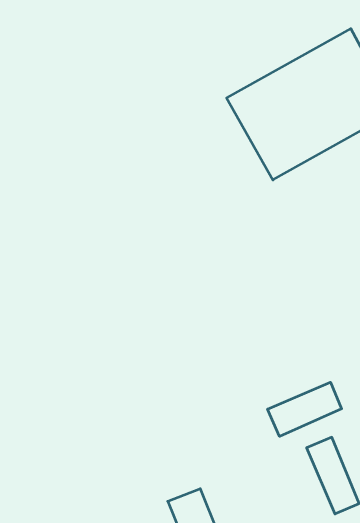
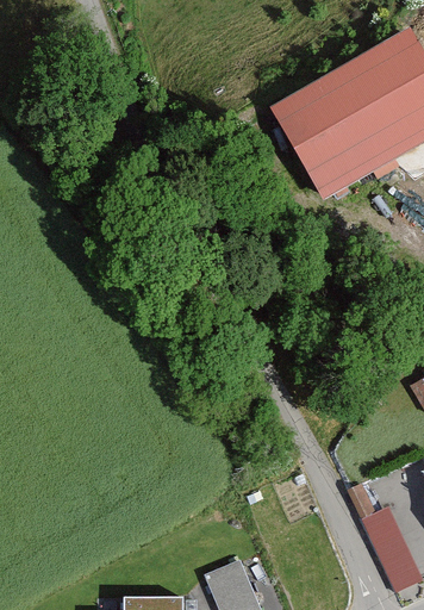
building: [268,382,342,436] -> none

